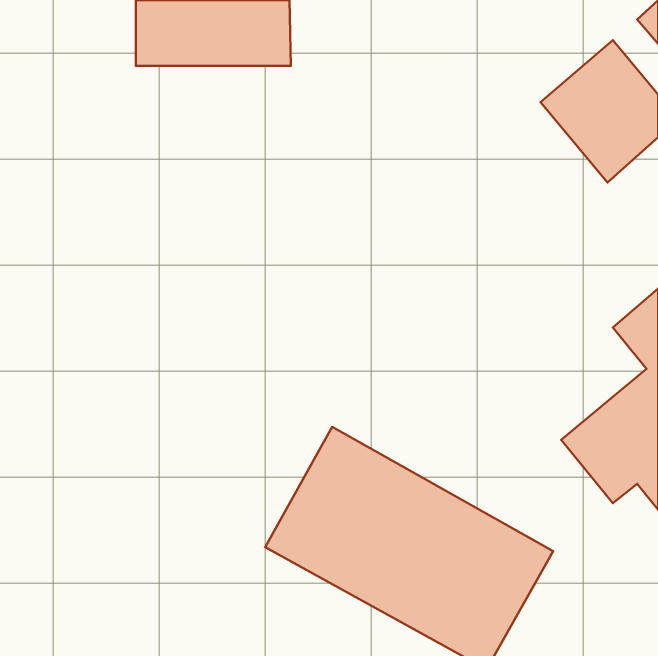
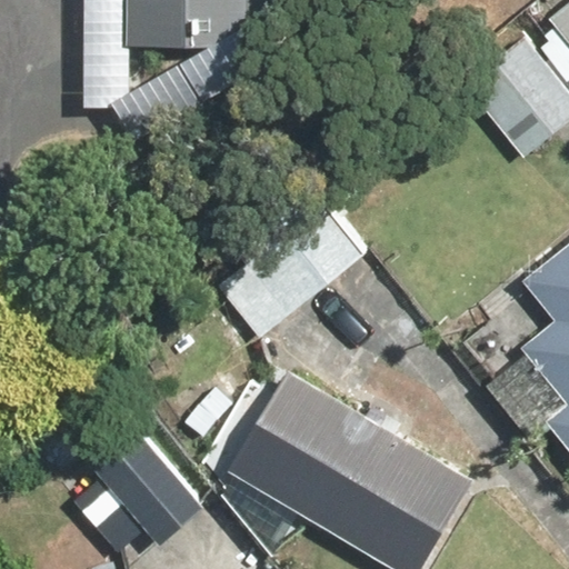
building: none -> [221,202,365,341]
building: none -> [77,425,207,557]

